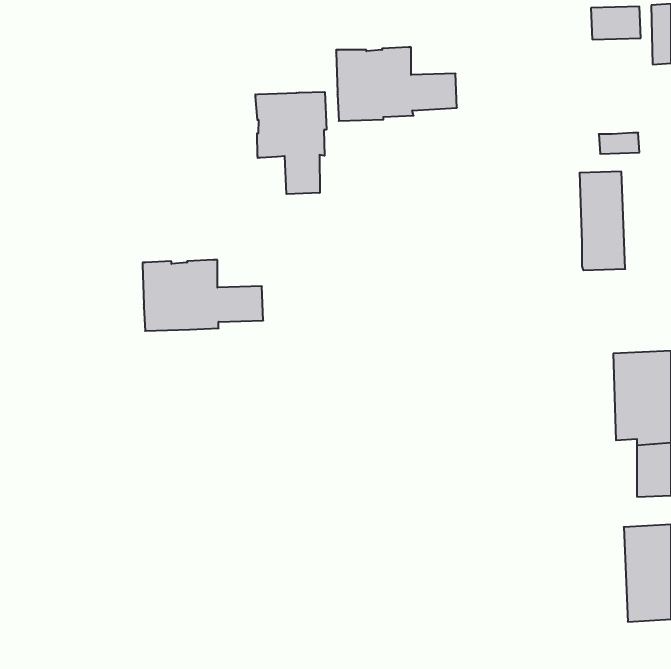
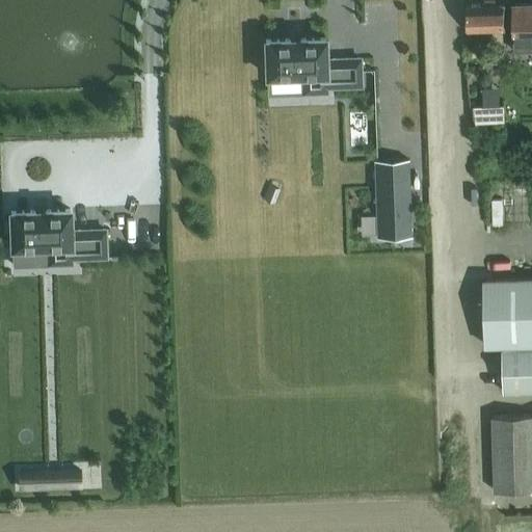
building: [255,92,326,194] -> none
building: [579,172,625,270] -> [375,161,411,239]
building: [143,260,263,331] -> [11,211,107,267]
building: none -> [18,469,83,493]

